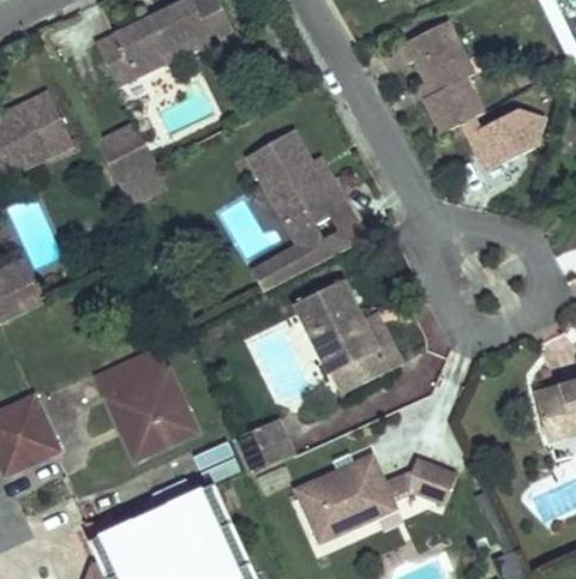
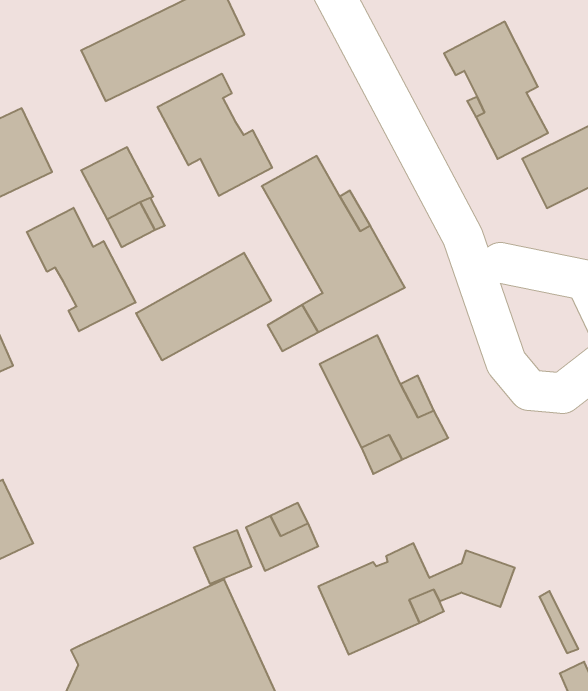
building: none -> [158,74,272,196]
building: none -> [27,208,136,331]
building: none -> [136,253,271,360]
building: [96,349,196,459] -> none

